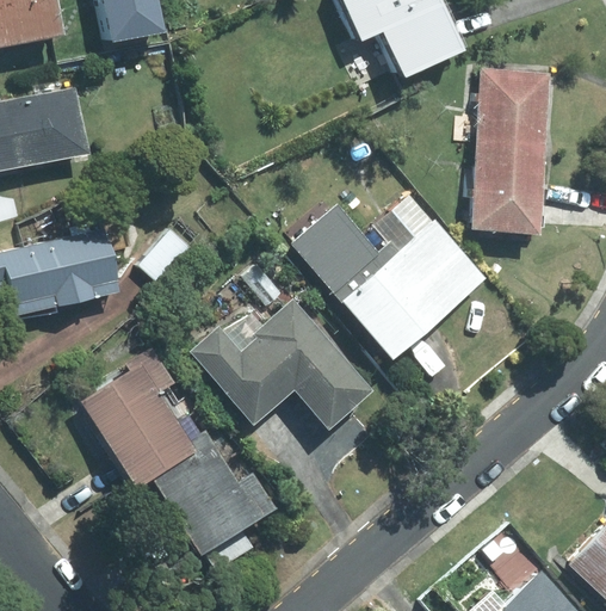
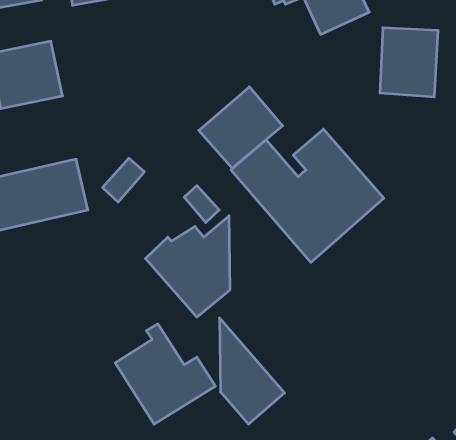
building: none -> [199,87,283,168]
building: [472,149,545,234] -> none
building: [293,300,373,430] -> [219,318,285,424]
building: [84,346,199,489] -> none

